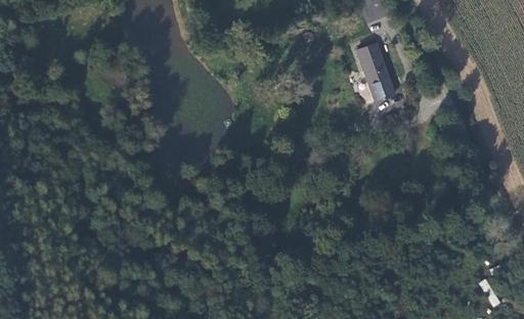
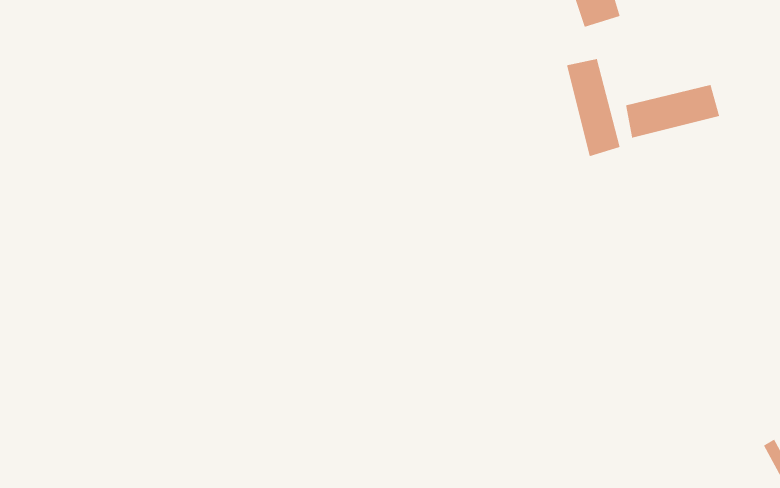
building: none -> [625,84,720,139]

